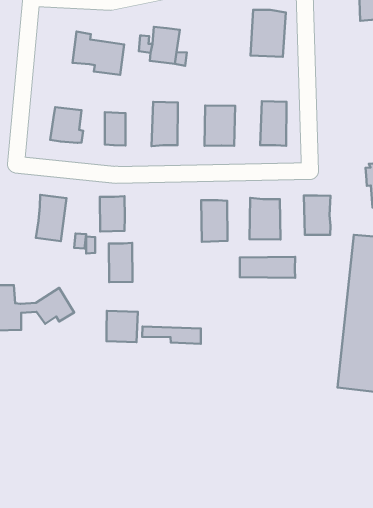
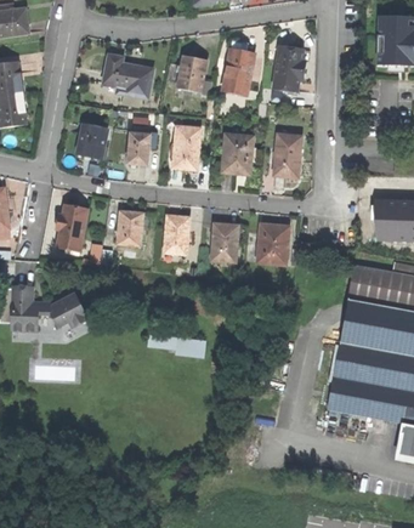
building: none -> [222,46,254,95]
building: [304,196,331,235] -> none
building: [109,243,133,282] -> [164,215,188,252]
building: [240,257,295,278] -> none
building: [106,311,138,342] -> none

